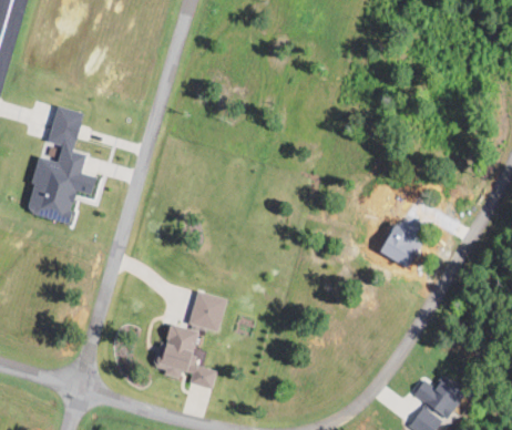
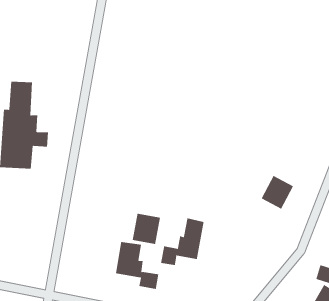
building: [380,224,423,268] -> [261,175,294,210]
building: none -> [160,217,204,266]

